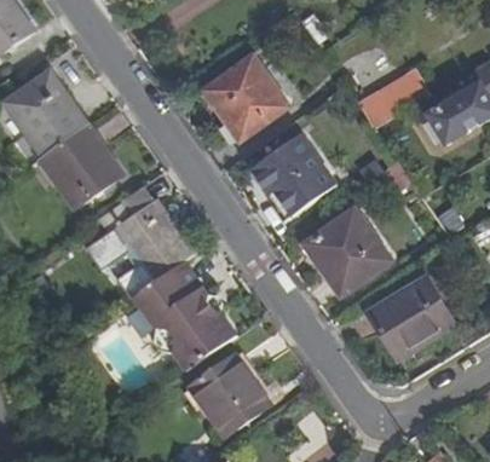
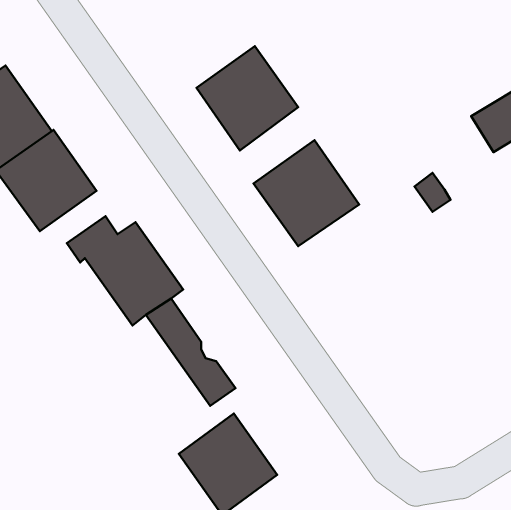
building: [354,69,423,127] -> none
building: [304,207,388,293] -> none
building: [132,273,214,369] -> none
building: [367,278,452,358] -> none

